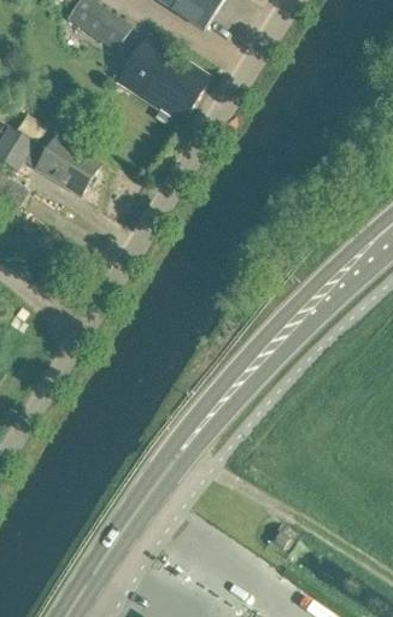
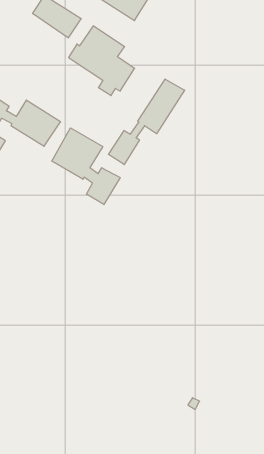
building: none -> [109,79,185,165]
building: none -> [52,128,120,205]

